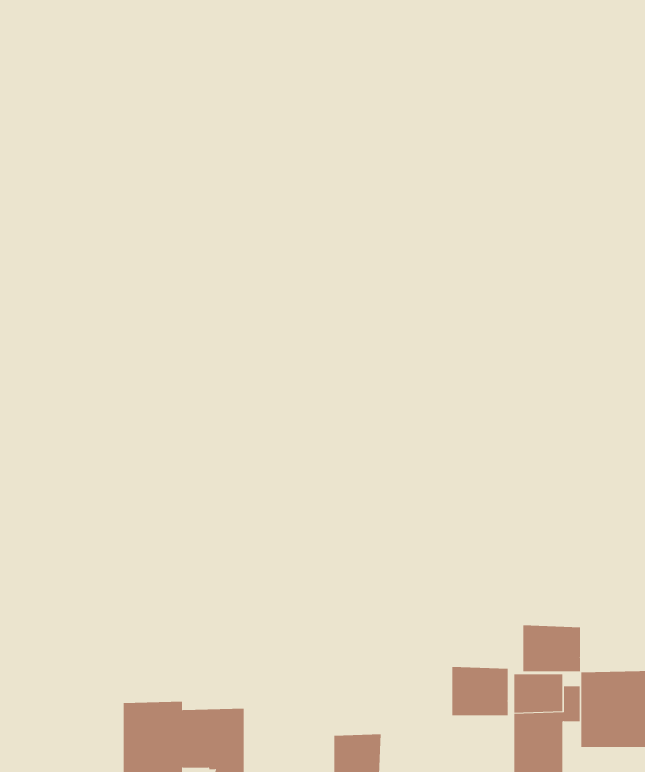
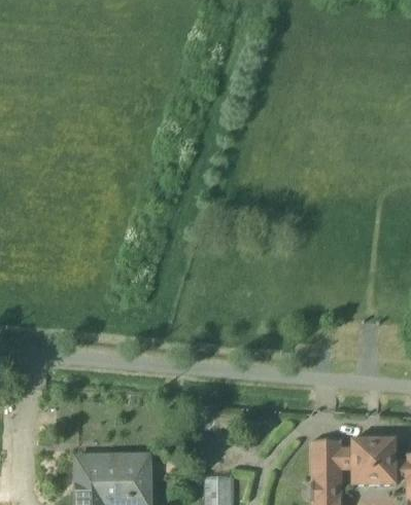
building: [523,625,580,672] -> none
building: [452,666,508,716] -> none

